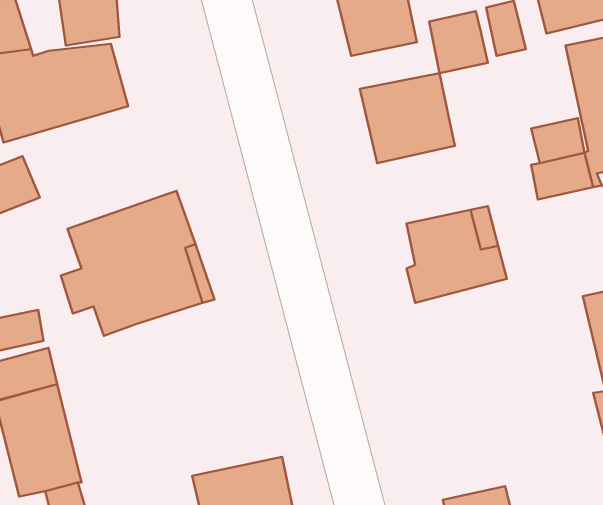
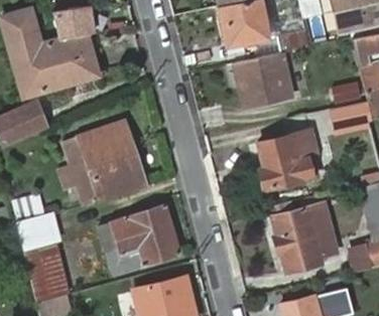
building: none -> [269,201,336,271]
building: none -> [111,206,178,268]

